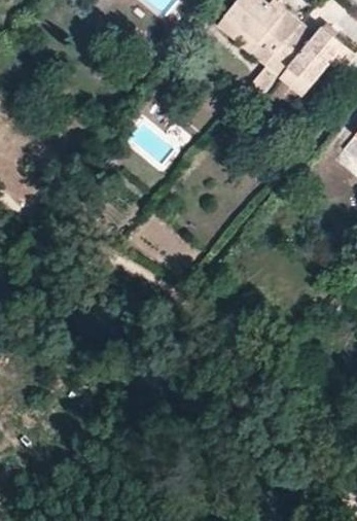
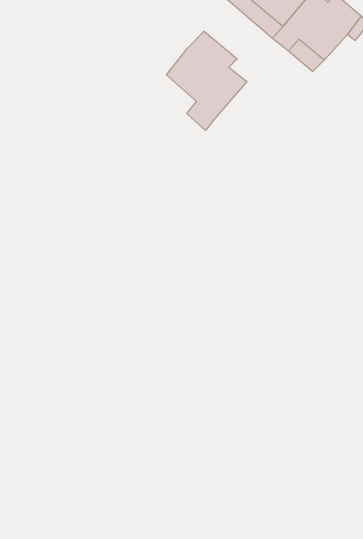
building: none -> [167,31,247,130]

